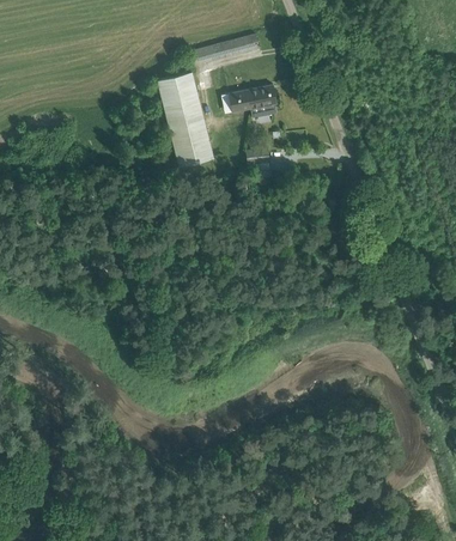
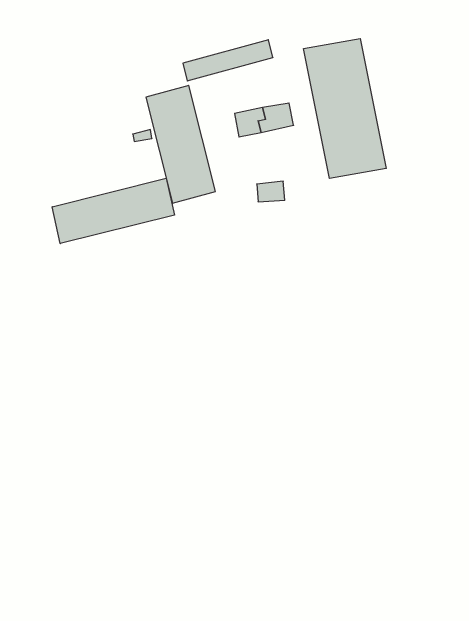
building: none -> [304,39,386,178]
building: none -> [52,178,174,244]

